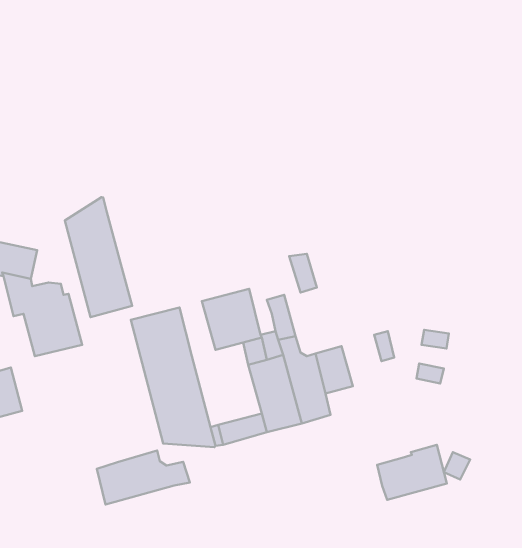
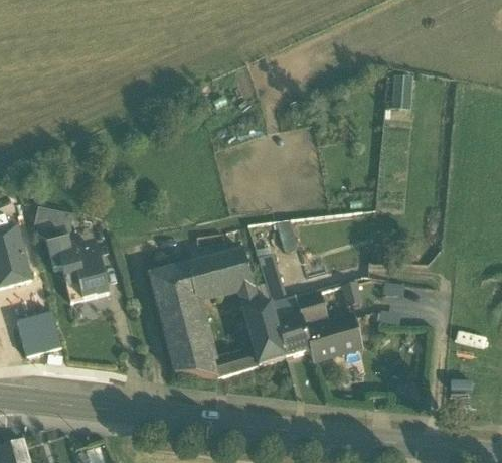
building: none -> [392,75,412,110]
building: [65,197,132,317] -> none
building: none -> [188,258,217,302]
building: [377,445,447,500] -> [306,316,362,360]
building: [97,450,190,504] -> none

